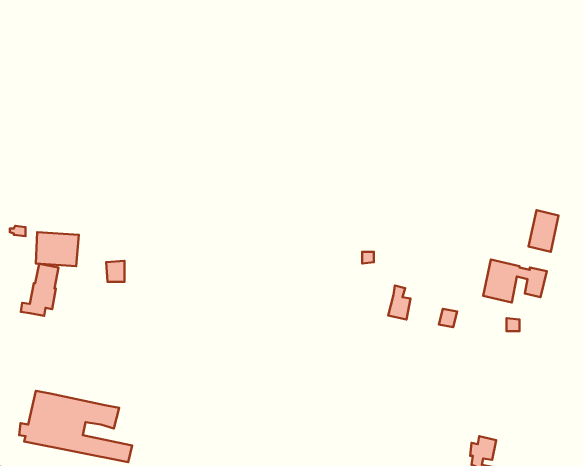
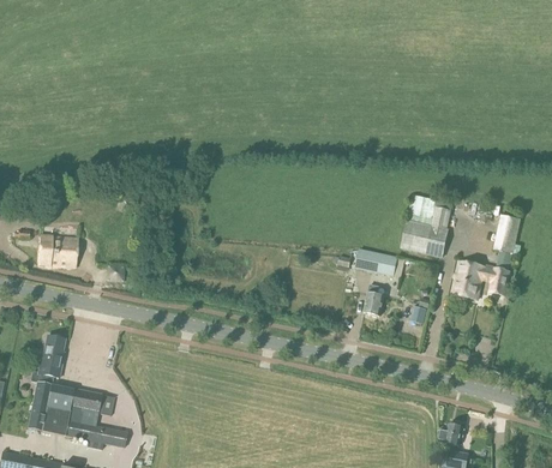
building: none -> [400,206,451,258]
building: none -> [355,248,404,278]
building: [21,264,59,316] -> [30,336,65,384]

